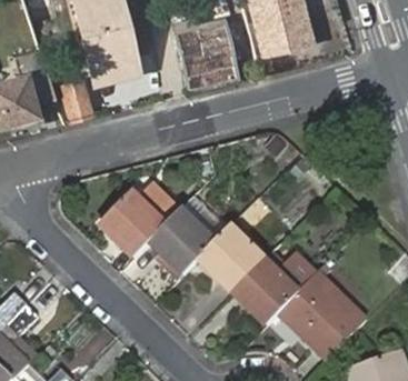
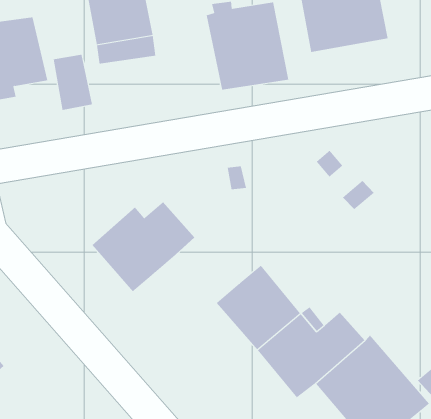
building: [149,205,215,272] -> none

